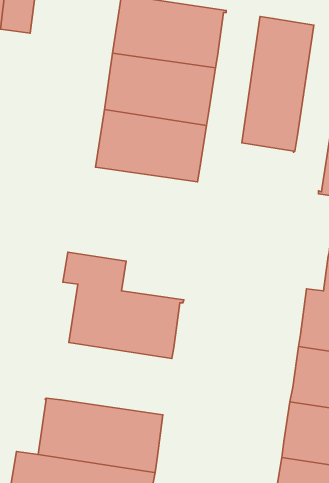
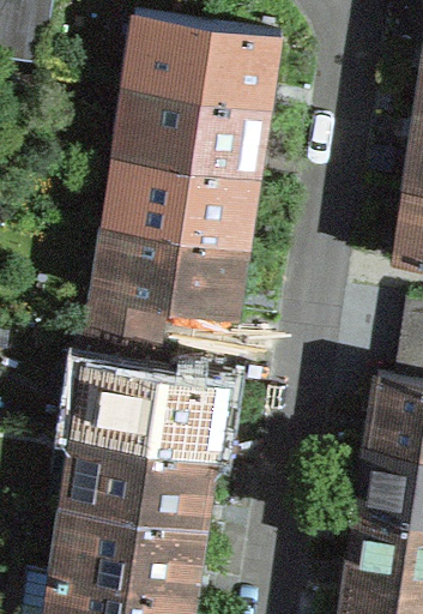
building: [242,16,314,152] -> none
building: none -> [87,224,244,338]
building: none -> [79,437,213,524]

